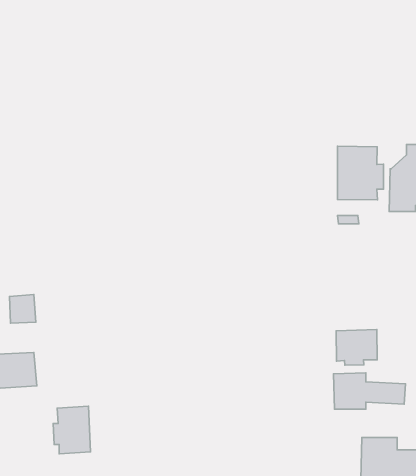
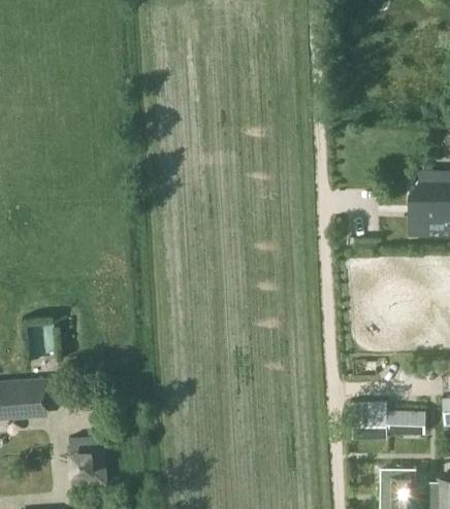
building: [337,146,383,200] -> none
building: [336,329,377,365] -> none

